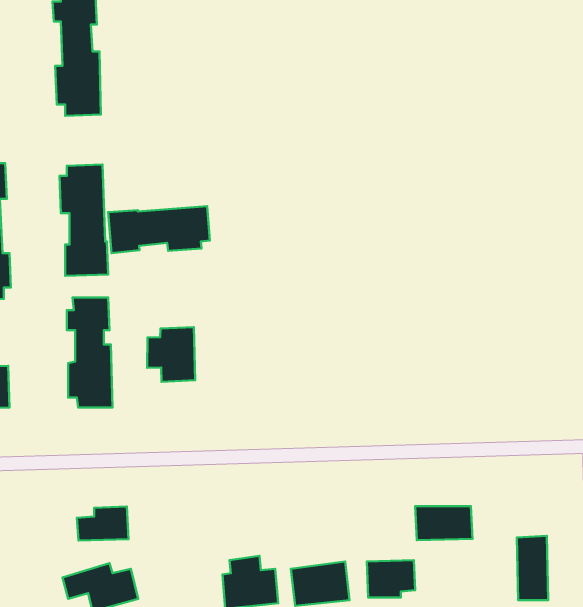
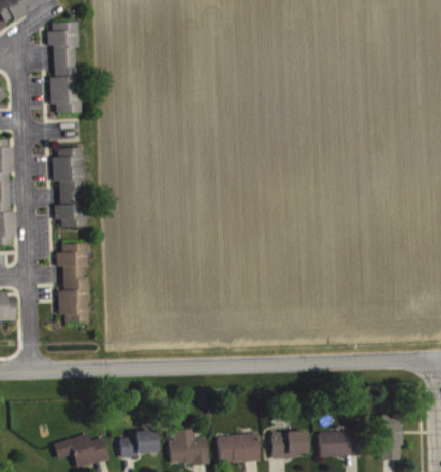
building: [108,206,210,253] -> none
building: [147,327,195,382] -> none
building: [415,506,472,540] -> [319,431,360,456]
building: [77,506,128,541] -> [119,430,156,455]

